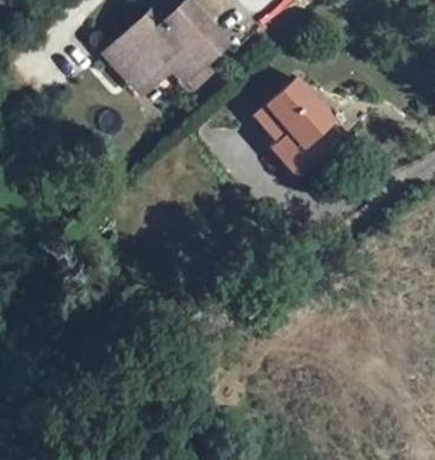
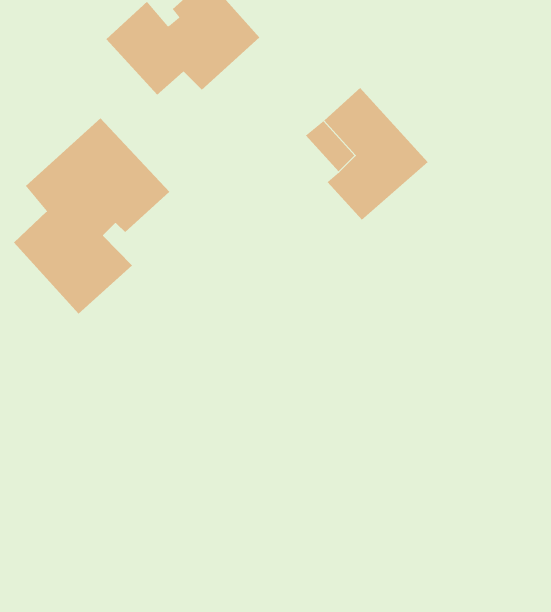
building: none -> [13,117,170,314]

